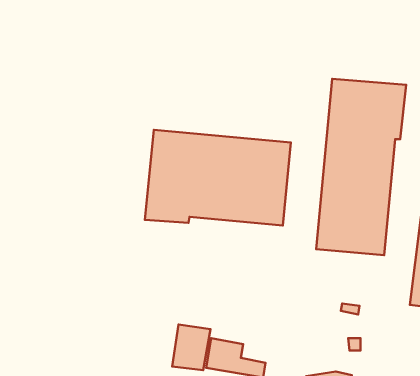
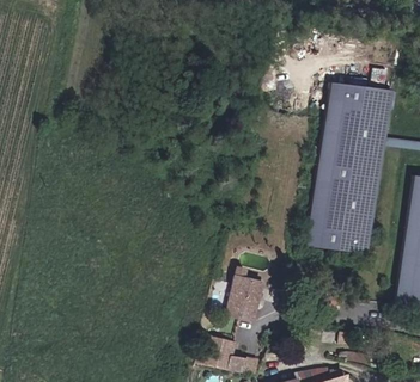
building: [145,130,291,225] -> none
building: [172,324,211,370] -> [226,275,263,319]

